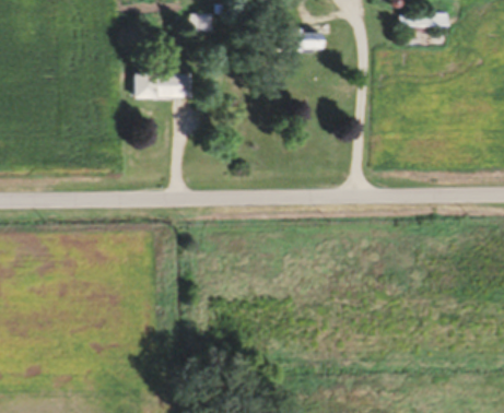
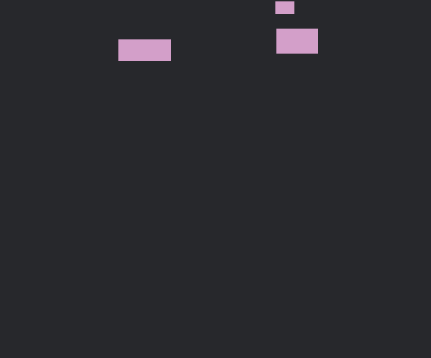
building: none -> [276,28,319,54]

